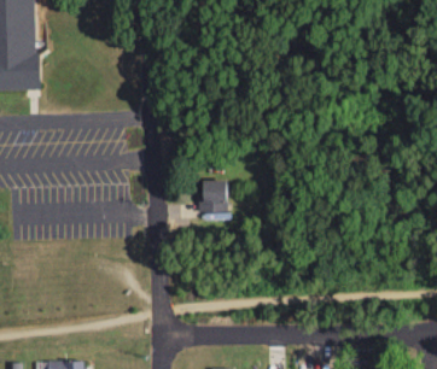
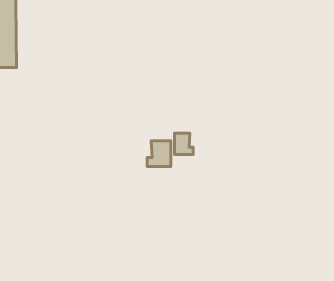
building: none -> [174,133,193,154]

